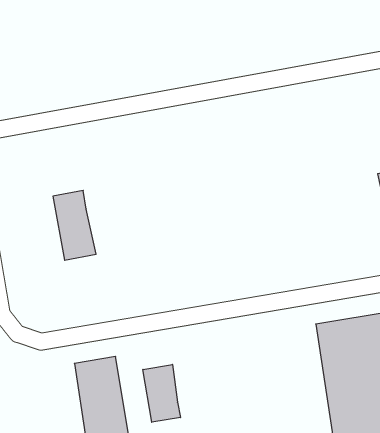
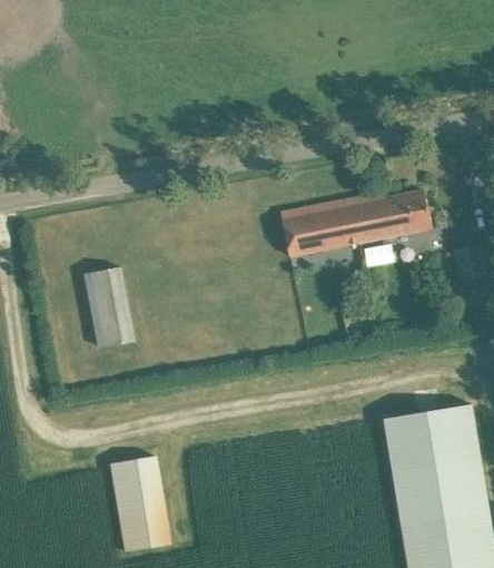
building: none -> [280,190,431,258]
building: [143,364,180,422] -> none

